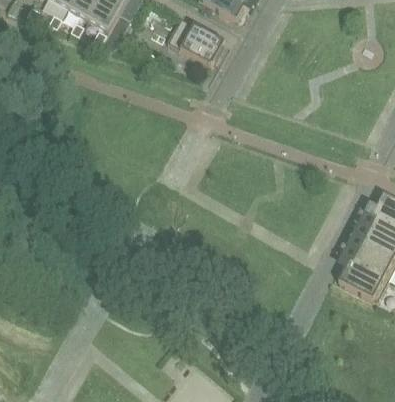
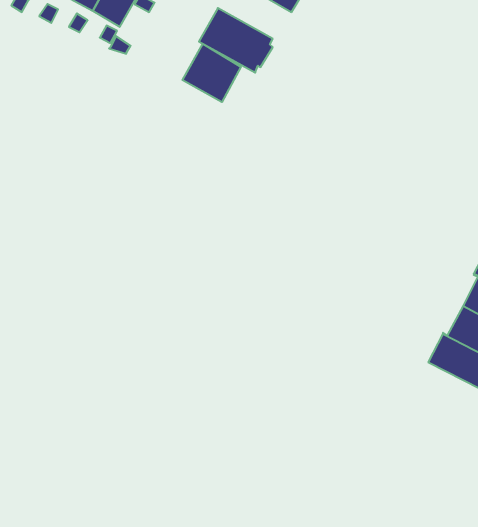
building: none -> [182,44,241,102]

